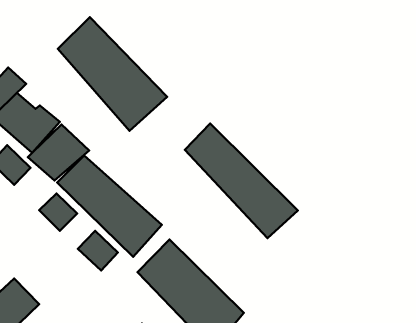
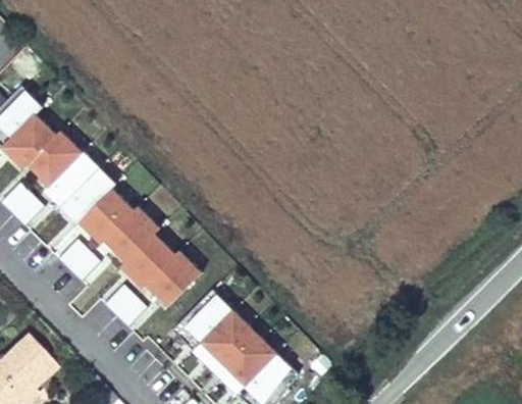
building: [58,17,167,131] -> none
building: [185,124,298,238] -> none

